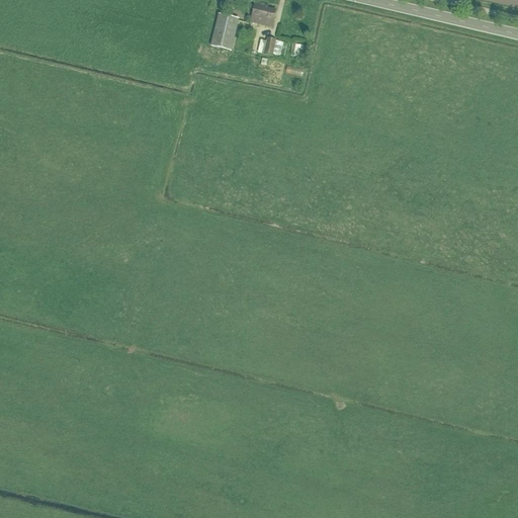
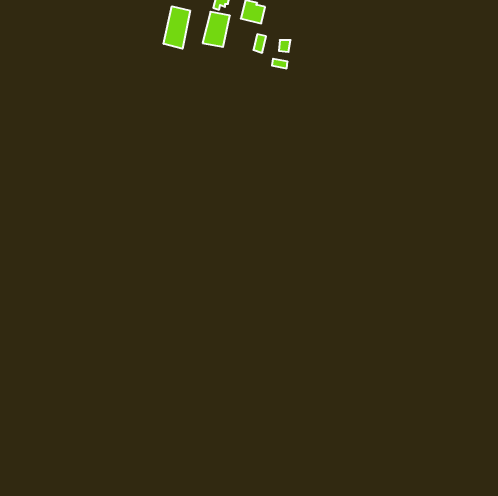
building: none -> [164,6,190,49]

